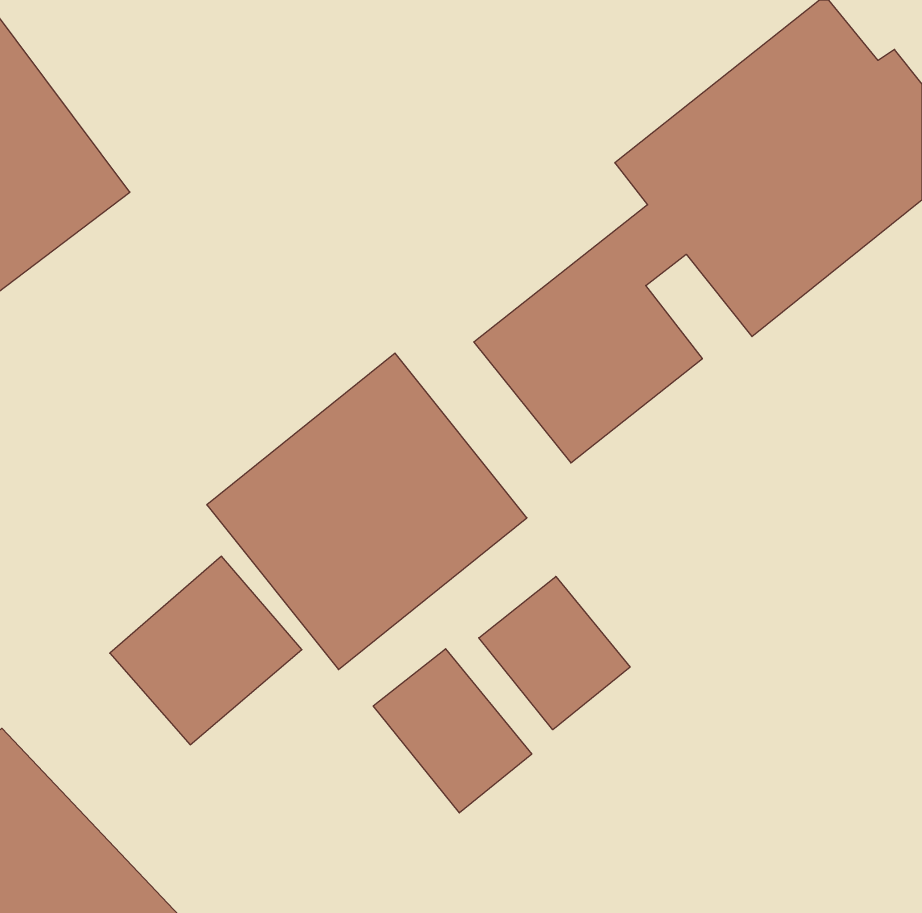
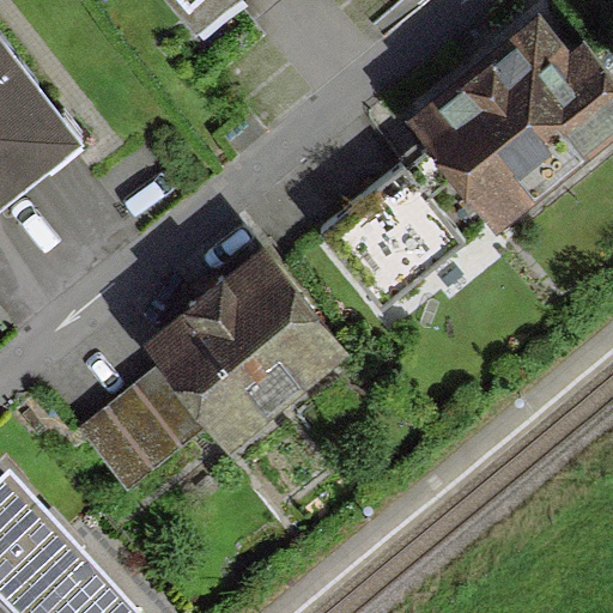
building: [479,576,630,730] -> none
building: [373,649,532,813] -> none

